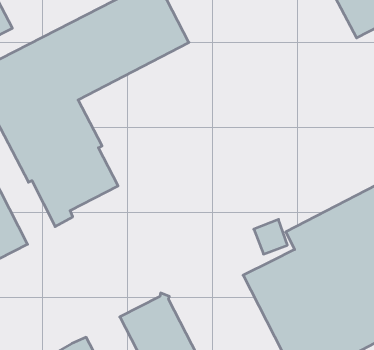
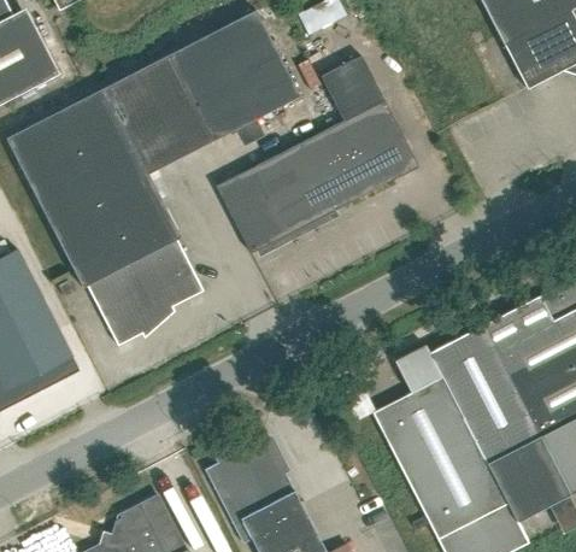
building: none -> [217,57,418,254]

